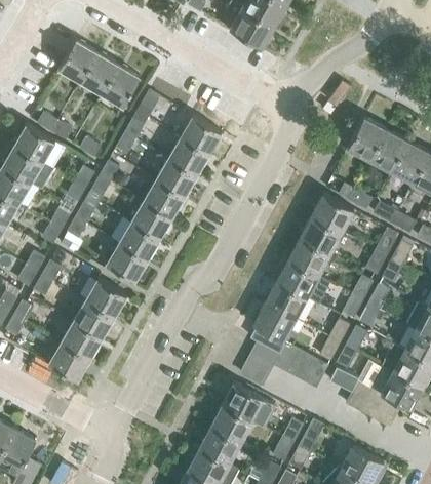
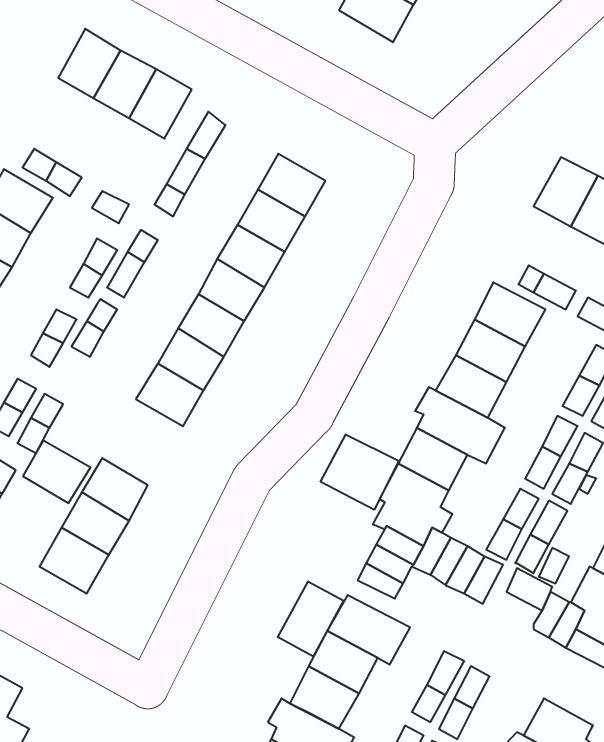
building: [85,279,126,317] -> [23,441,91,503]
building: none -> [321,434,399,510]
building: none -> [278,581,344,656]

